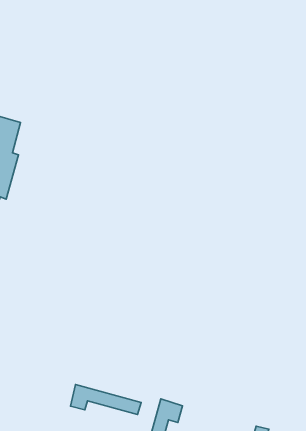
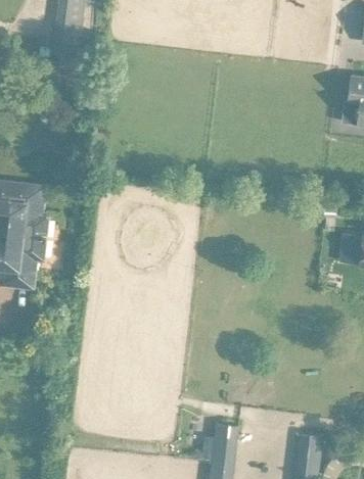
building: [70,384,141,415] -> none

